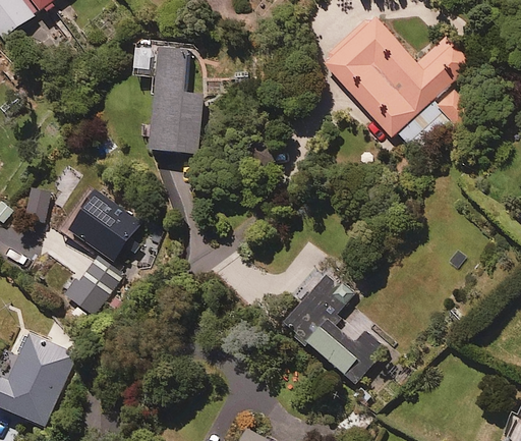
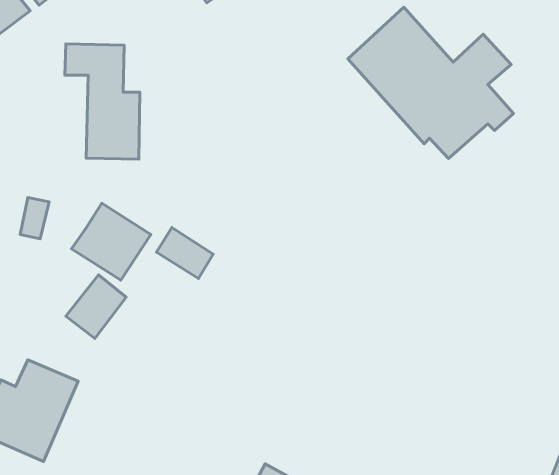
building: [133,47,201,152] -> [65,44,140,159]
building: none -> [156,228,213,278]
building: [286,274,386,383] -> none

